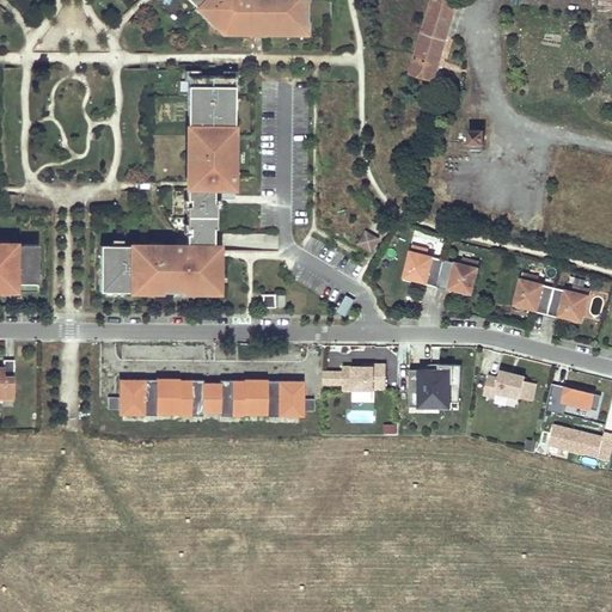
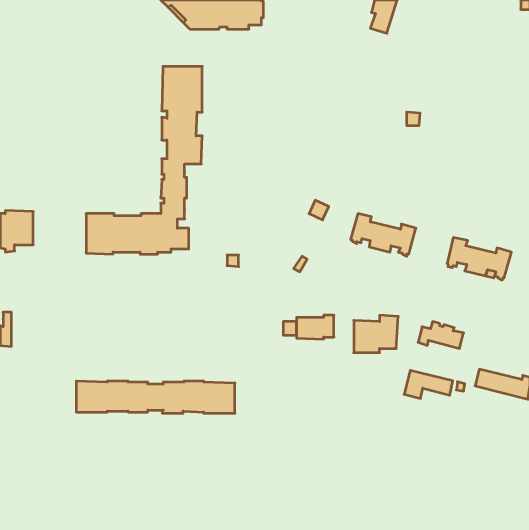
building: [411,14,447,81] -> none
building: [121,379,304,416] -> [76,381,235,413]
building: [544,382,600,415] -> [404,370,453,398]

